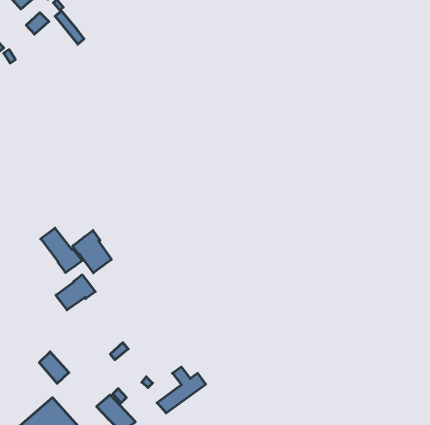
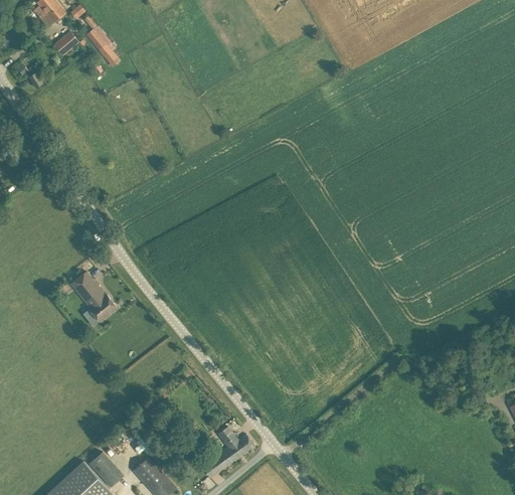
building: [73,230,111,273] -> none
building: [56,275,95,310] -> none
building: [39,352,69,383] -> [90,452,123,487]

